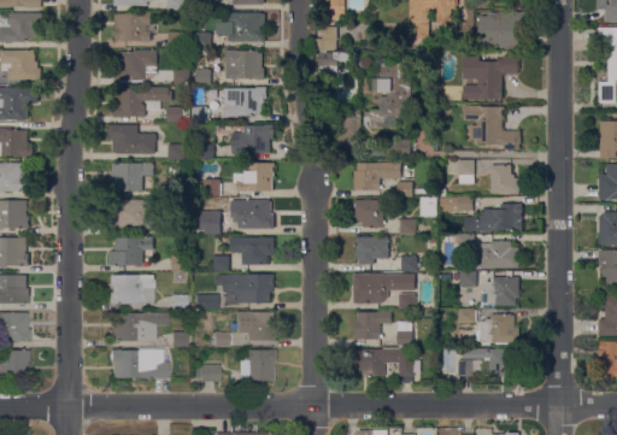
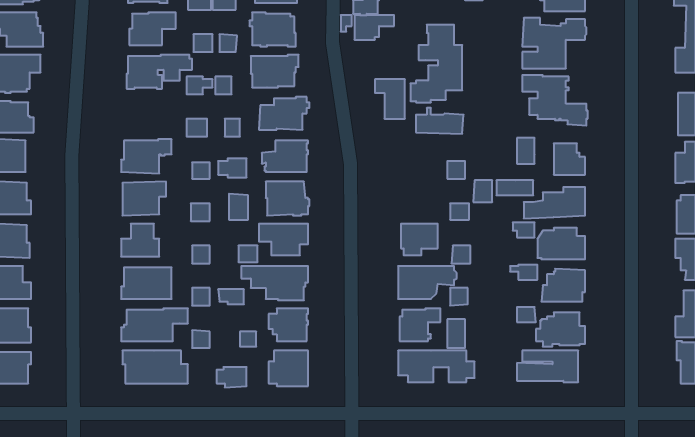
building: [107,124,155,154] -> none
building: [353,160,401,190] -> none
building: [354,200,386,227] -> none

